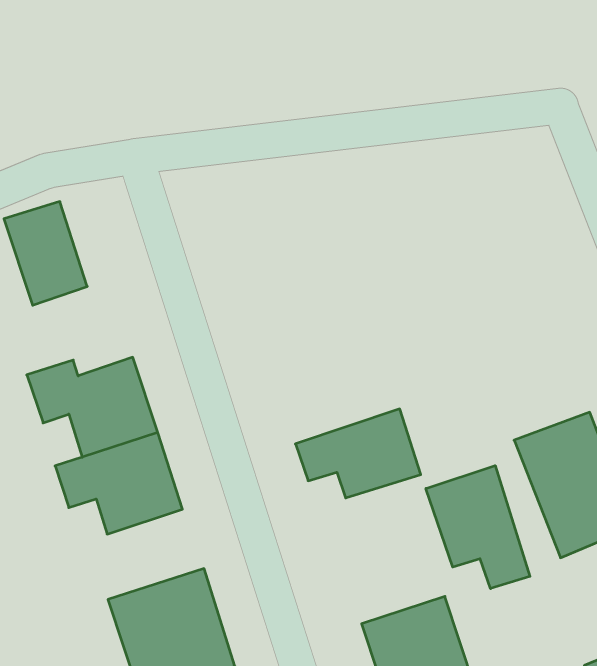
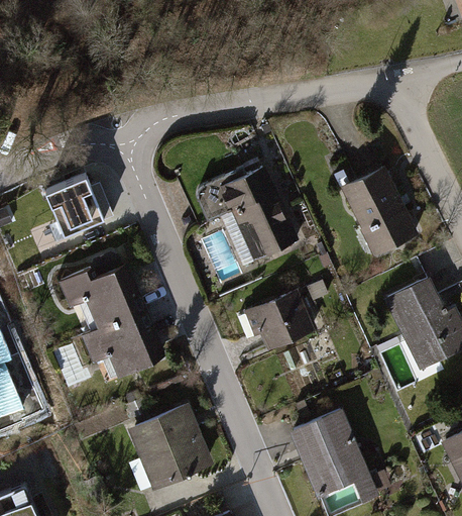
building: none -> [201,167,300,265]
building: none -> [341,172,420,263]
building: [426,466,530,589] -> none

